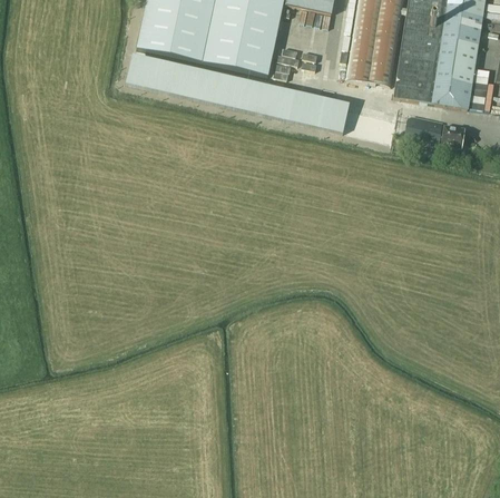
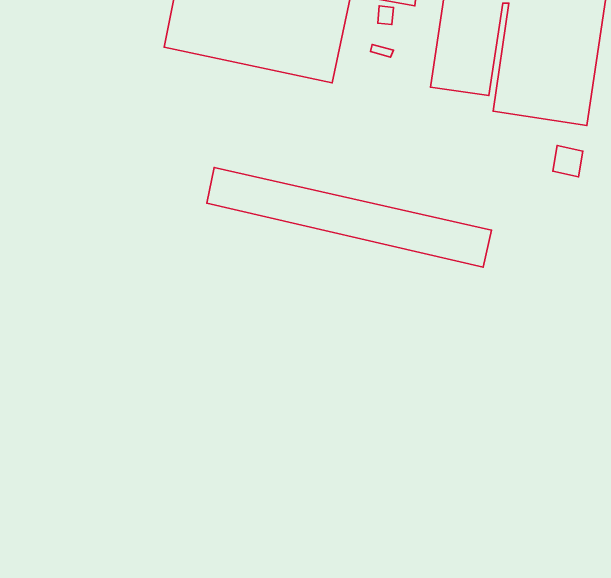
building: [127,53,350,131] -> [207,168,492,267]

